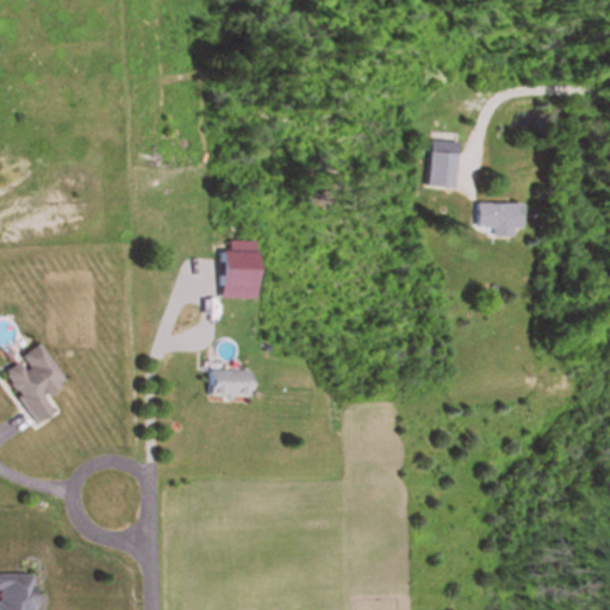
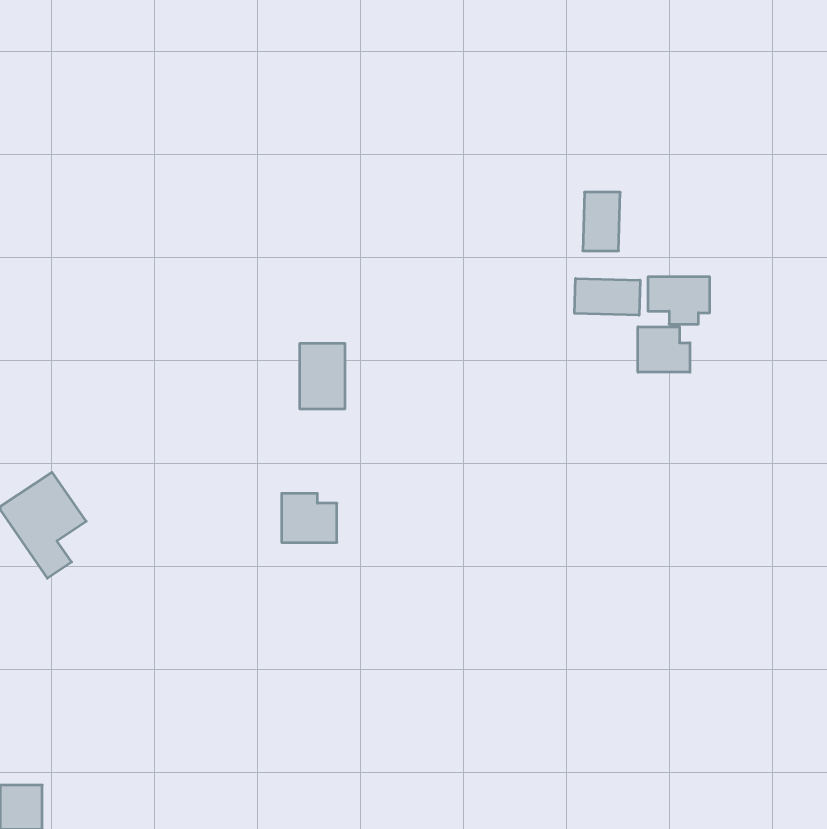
building: none -> [575,278,640,315]
building: none -> [638,327,690,372]

